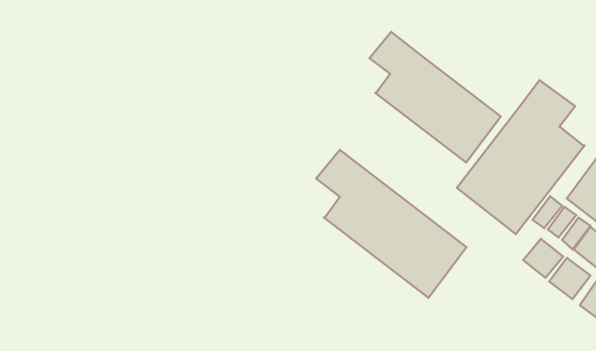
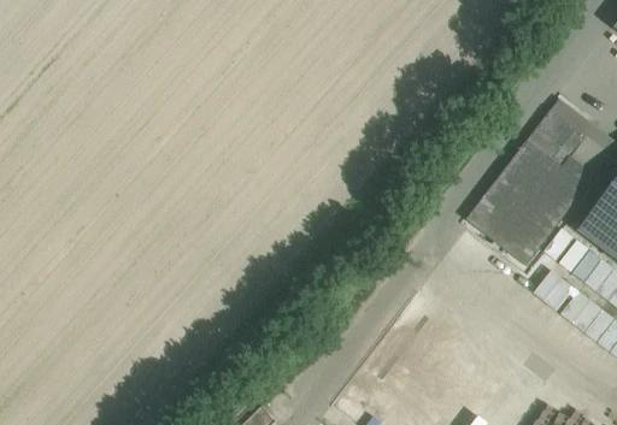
building: [370,32,501,162] -> none
building: [316,150,467,298] -> none

